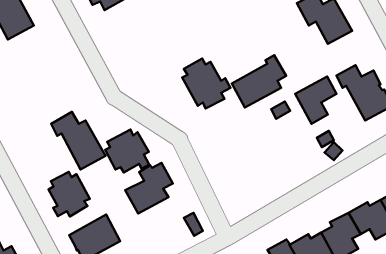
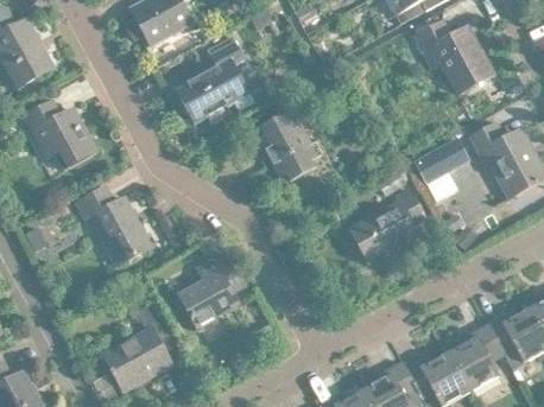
building: none -> [175,39,251,123]
building: none -> [23,97,99,168]
building: [232,55,286,108] -> [350,189,425,261]
building: [105,129,149,172] -> none
building: [49,172,90,216] -> none

